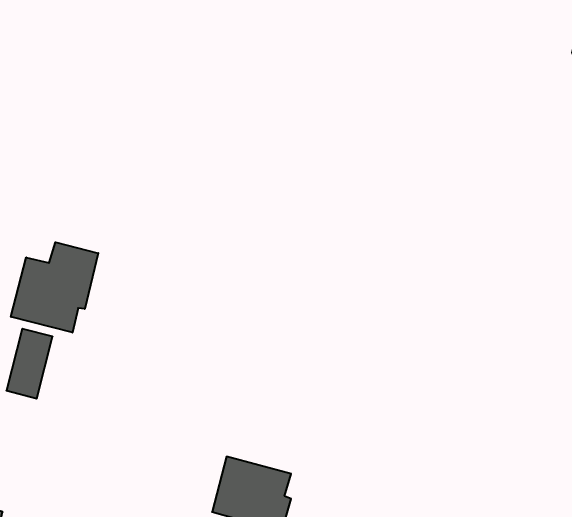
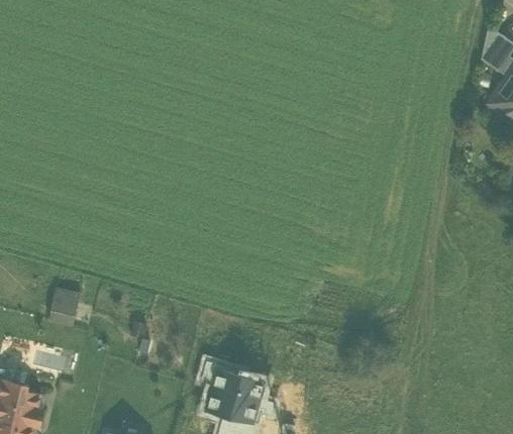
building: [11,242,98,333] -> none

